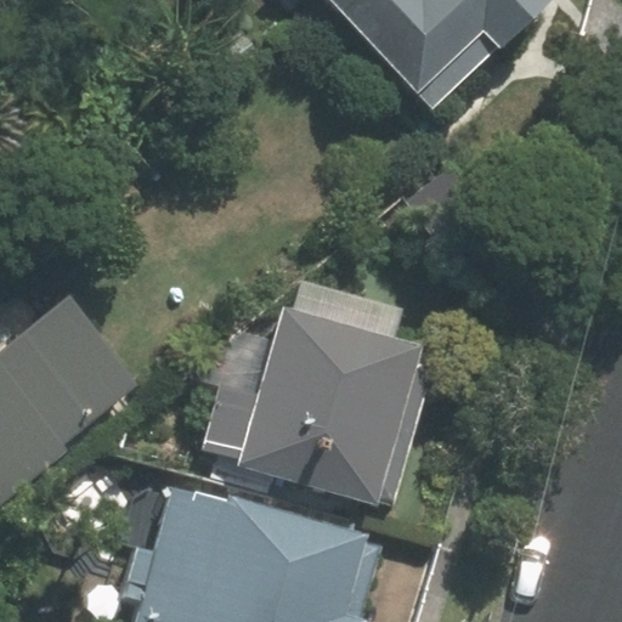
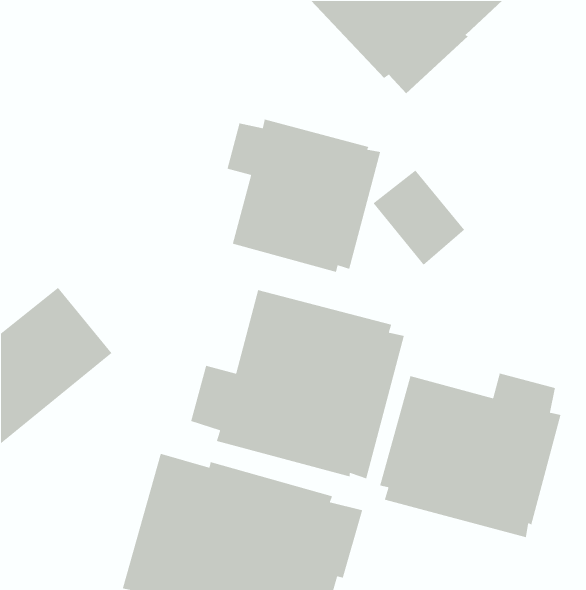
building: none -> [226,119,381,273]
building: none -> [379,372,561,538]

